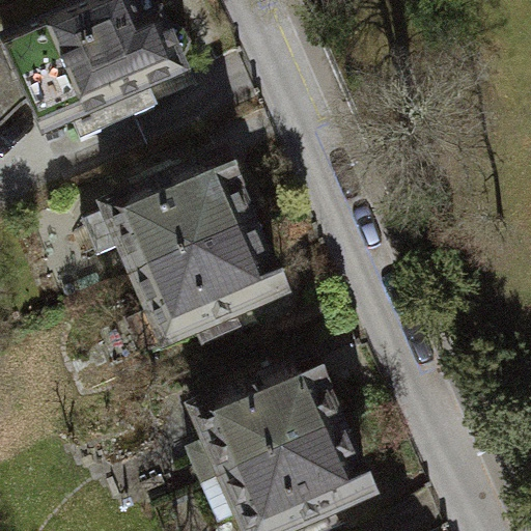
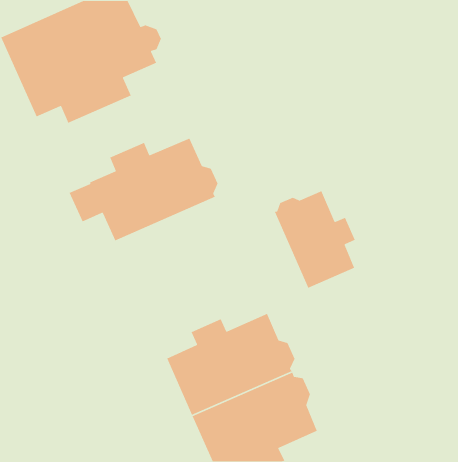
building: none -> [274,190,356,289]
building: [123,226,278,355] -> none

